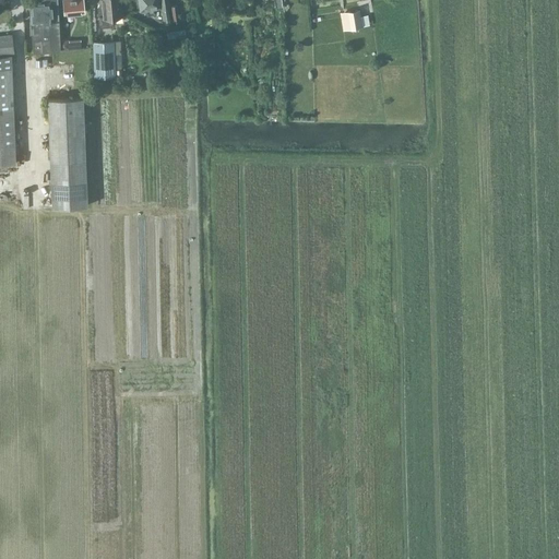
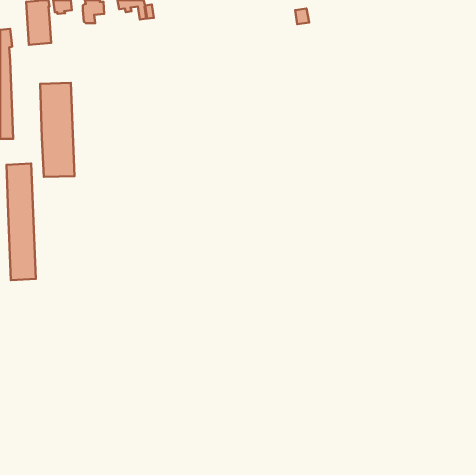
building: [93,41,115,78] -> none
building: none -> [6,163,36,280]

